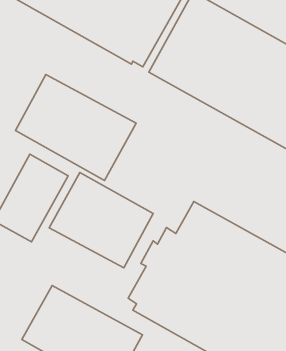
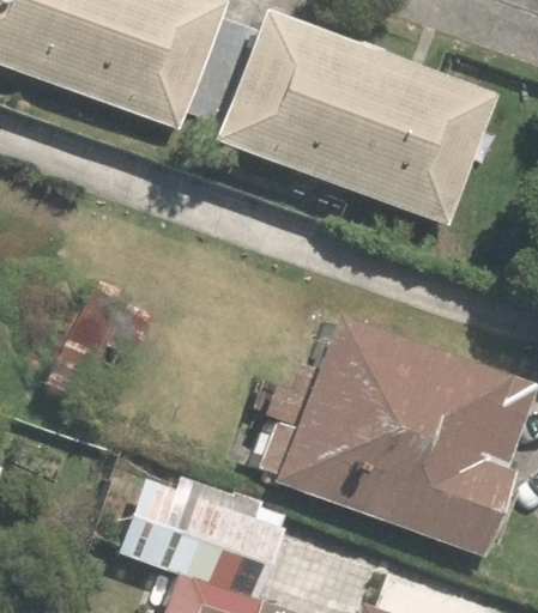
building: [15,75,136,180] -> none
building: [49,172,153,268] -> none

